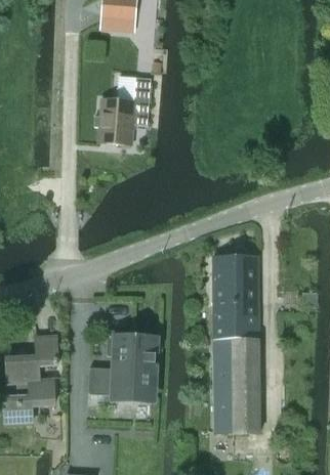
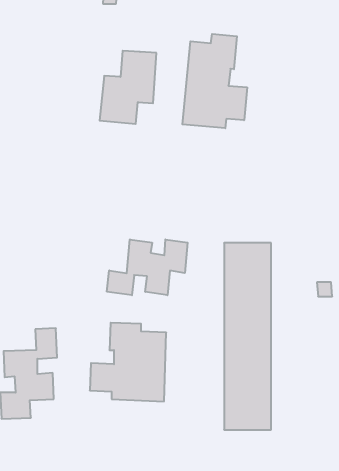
building: none -> [182,34,247,128]
building: none -> [107,239,188,295]

